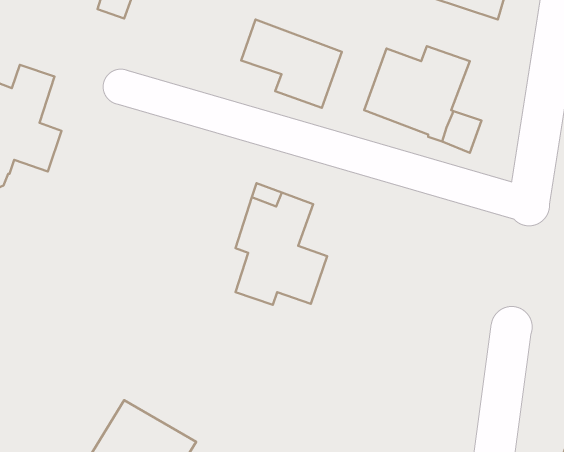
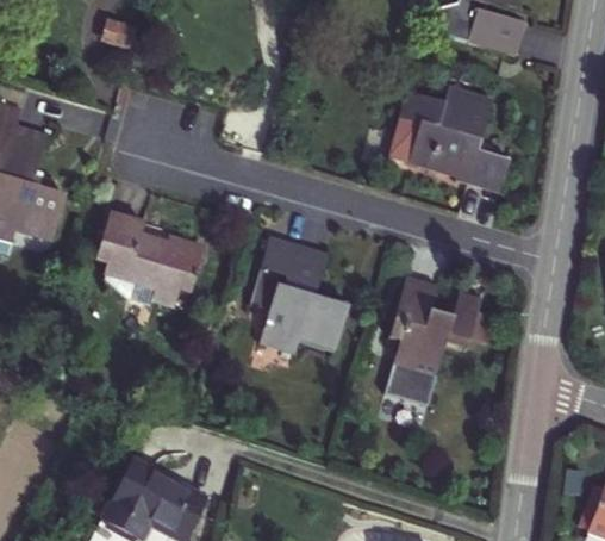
building: [241,19,342,108] -> none
building: none -> [101,195,212,298]
building: none -> [381,280,484,408]

